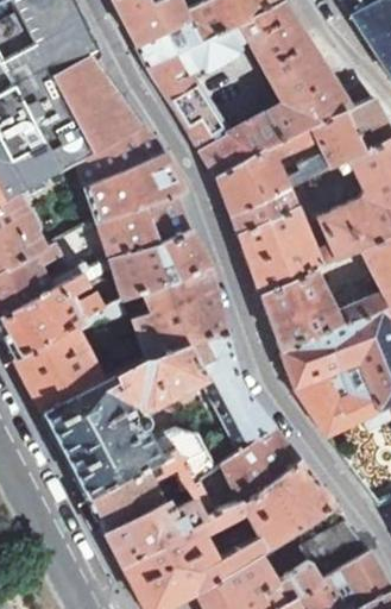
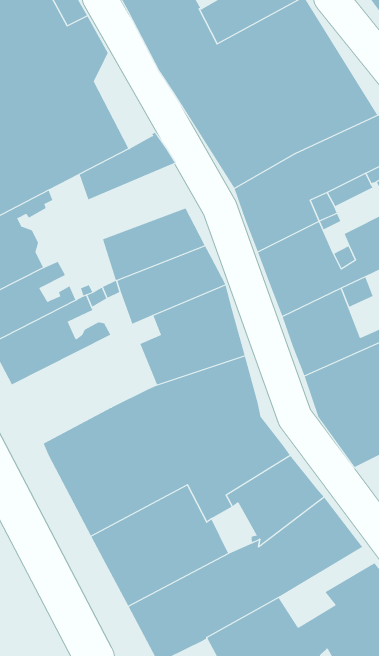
building: [89,59,143,140] -> none
building: [83,153,185,224] -> none
building: [13,302,128,412] -> none

